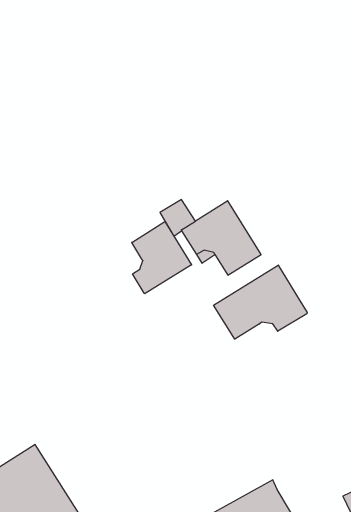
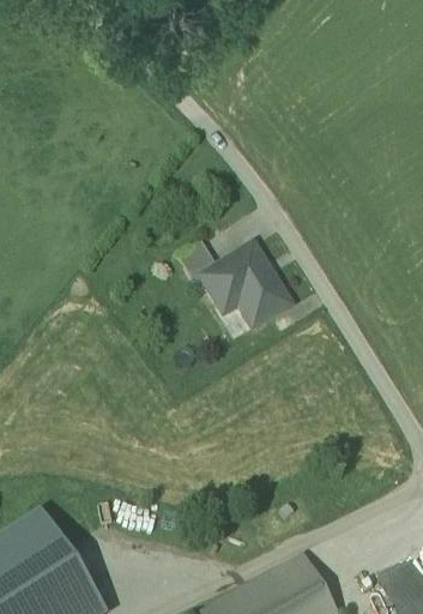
building: [132,222,192,294] -> none
building: [214,265,307,339] -> none

